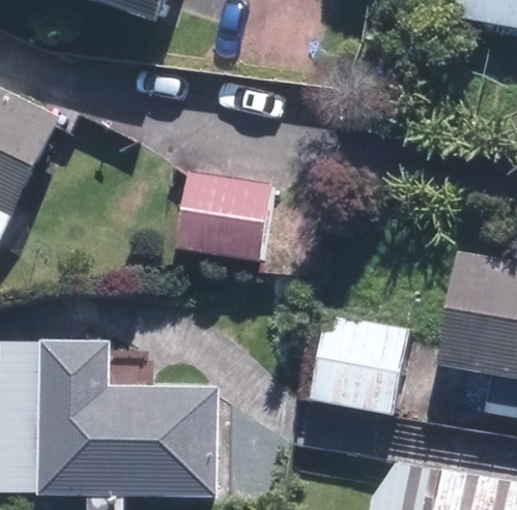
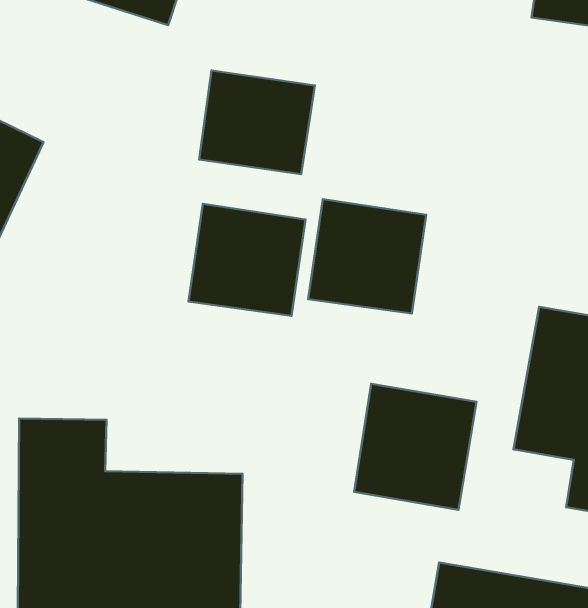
building: none -> [199,70,315,174]
building: none -> [308,199,426,314]

